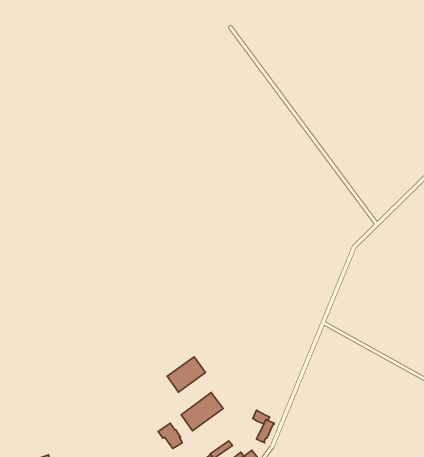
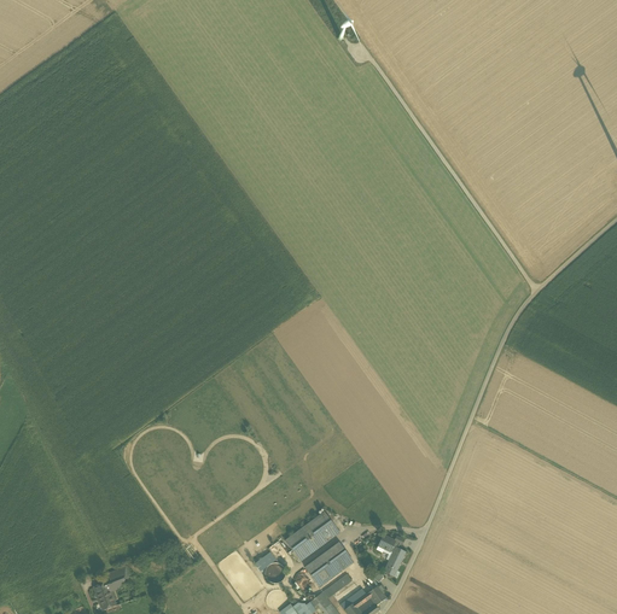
building: [167,357,205,392] -> [303,540,353,586]

